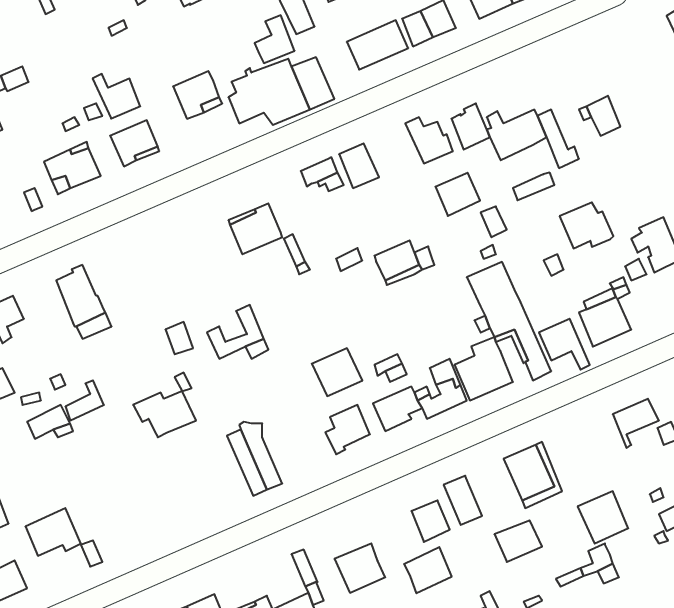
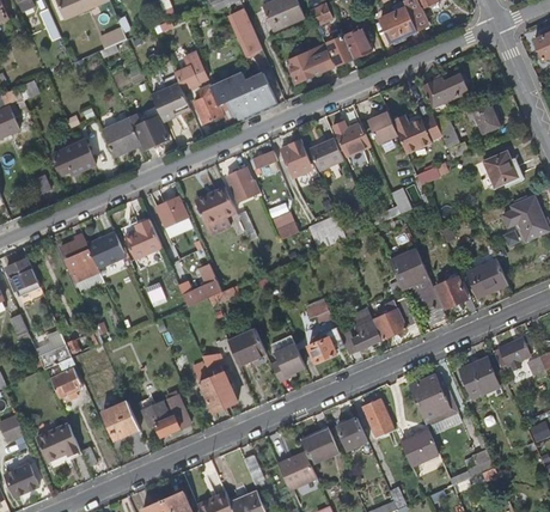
building: [255,15,295,63] -> [176,53,207,90]
building: none -> [423,74,466,105]
building: [93,74,140,119] -> [132,112,169,147]
building: [435,173,480,216] -> [306,129,341,163]
building: none -> [227,166,261,202]
building: [560,202,613,248] -> [482,151,524,187]
building: none -> [157,195,189,227]
building: none -> [124,219,161,258]
building: none -> [87,231,126,268]
building: [312,348,362,396] -> [227,328,267,365]
building: [133,391,196,437] -> [141,401,190,437]
building: none -> [50,366,82,401]
building: none -> [103,401,139,438]
building: [578,491,628,544] -> [459,356,499,397]
building: [404,547,452,593] -> [301,427,338,463]

